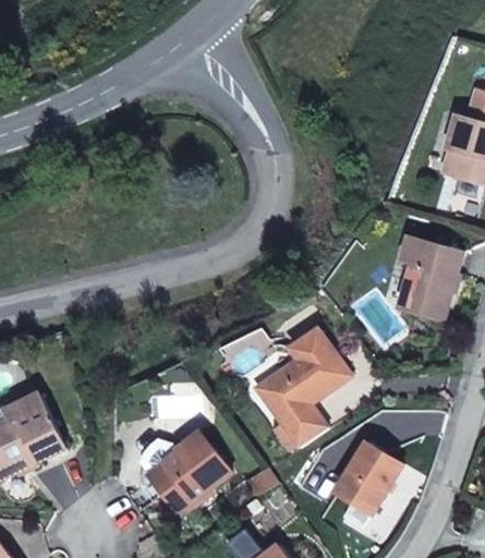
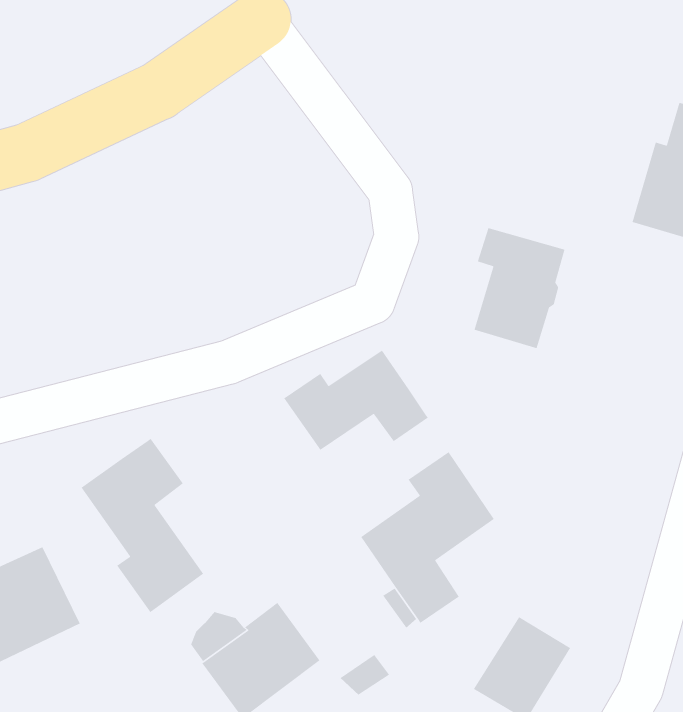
building: [398,235,461,319] -> [474,227,566,349]
building: none -> [283,349,429,451]
building: none -> [81,438,204,613]

